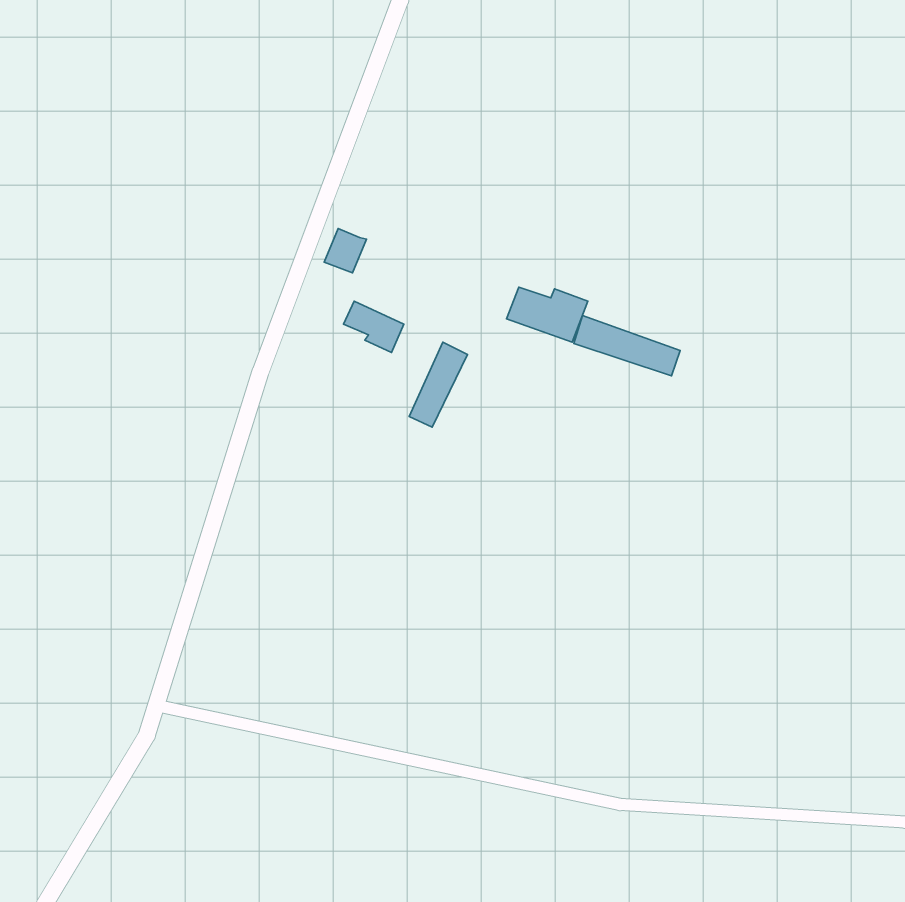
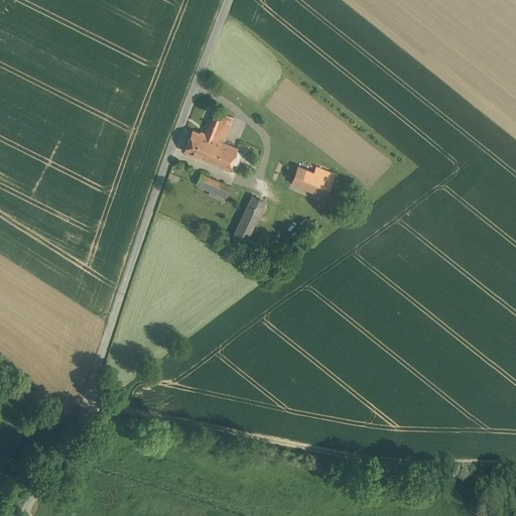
building: none -> [201,112,237,169]
building: [574,316,680,376] -> none

